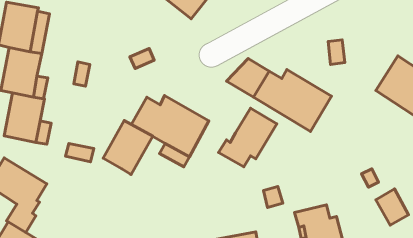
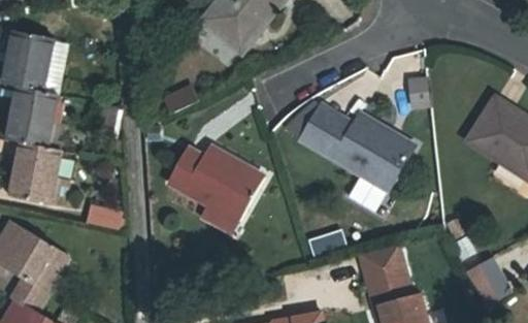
building: [219,108,277,167] -> none
building: [103,121,153,175] -> none
building: none -> [358,245,406,289]

